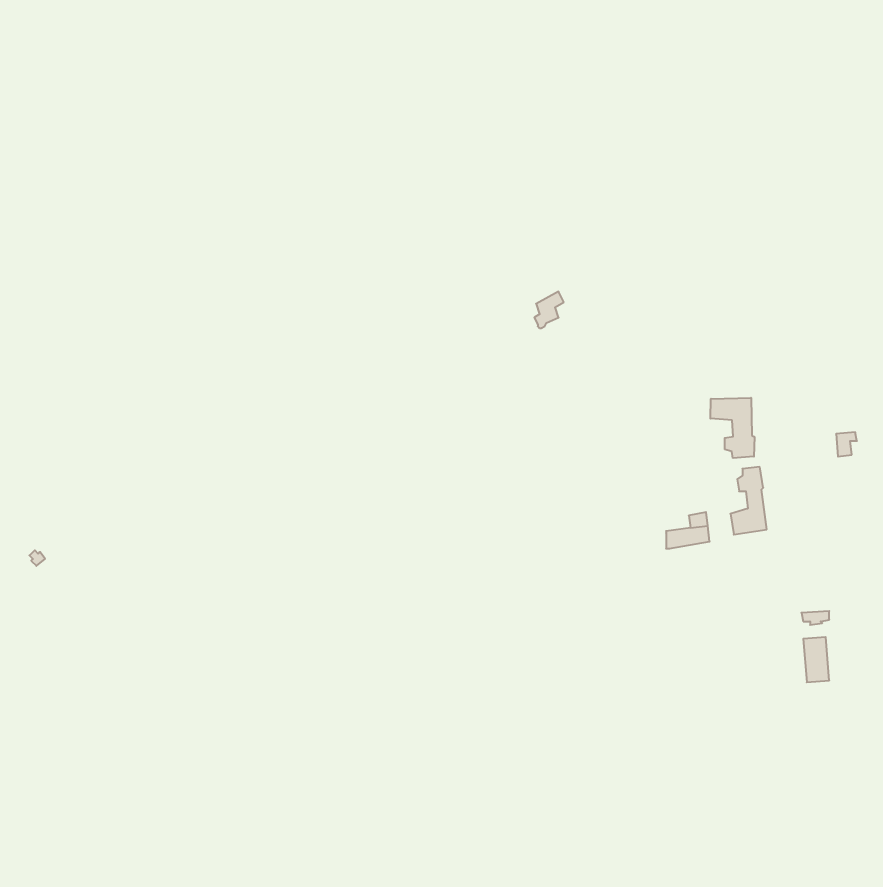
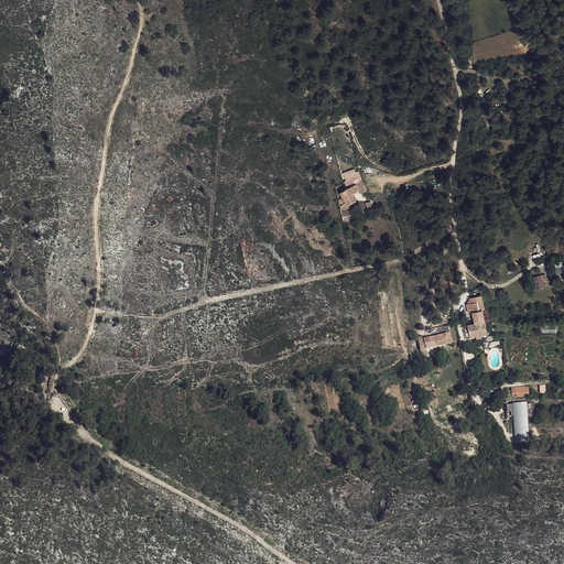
building: [710,398,754,458] -> none

